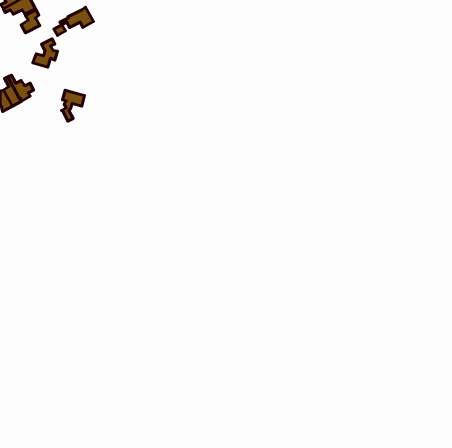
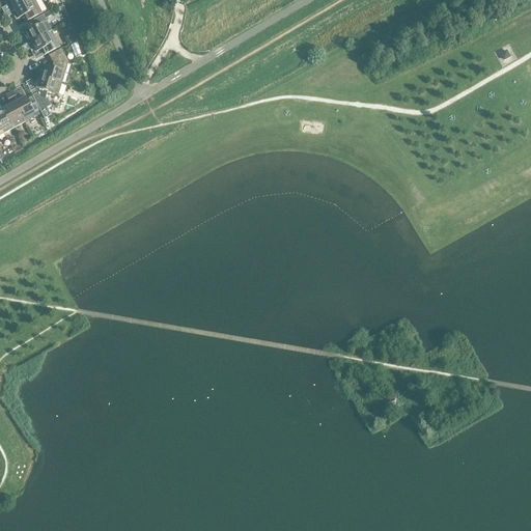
building: [60,7,93,28] -> [21,27,60,51]
building: [62,90,85,121] -> [34,74,61,110]

